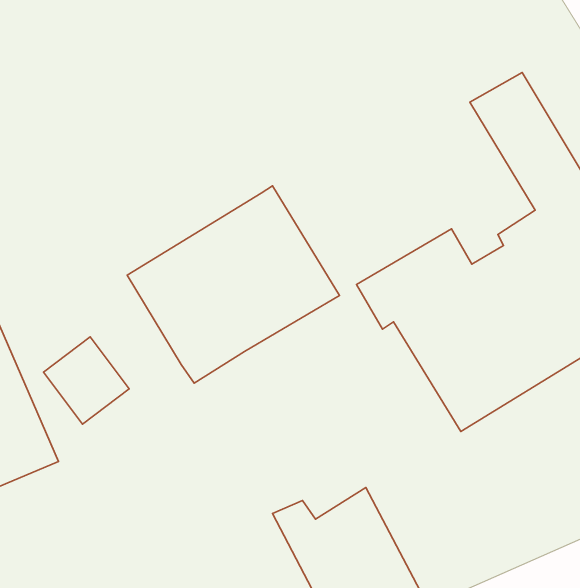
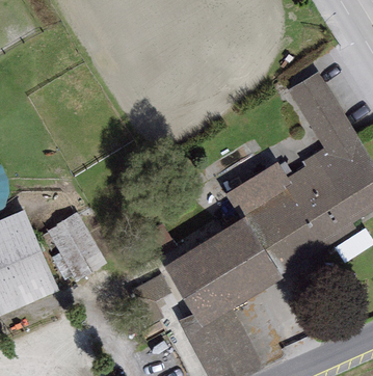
building: [127,186,339,383] -> [165,212,284,322]

